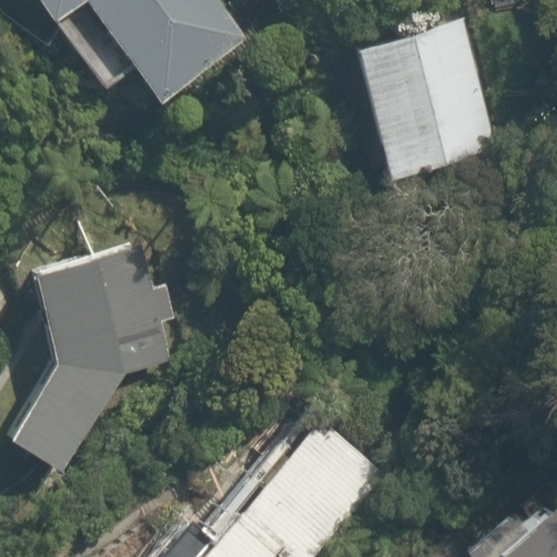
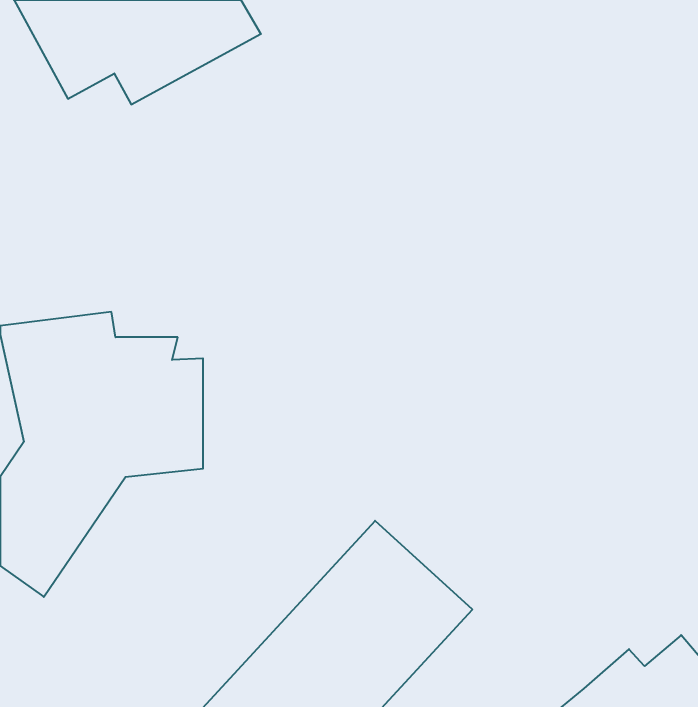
building: [334,20,500,178] -> none

